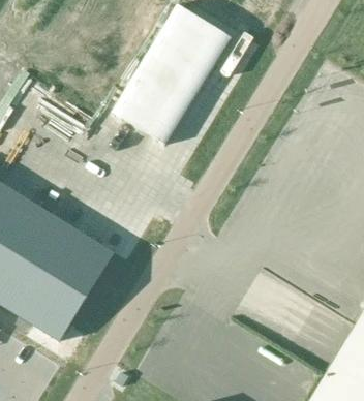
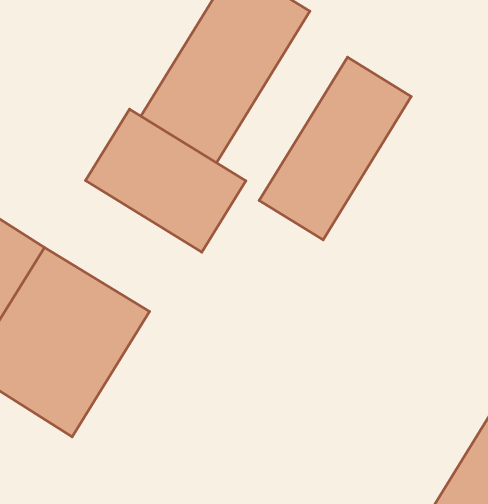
building: none -> [259,57,411,240]
building: none -> [86,109,246,252]

